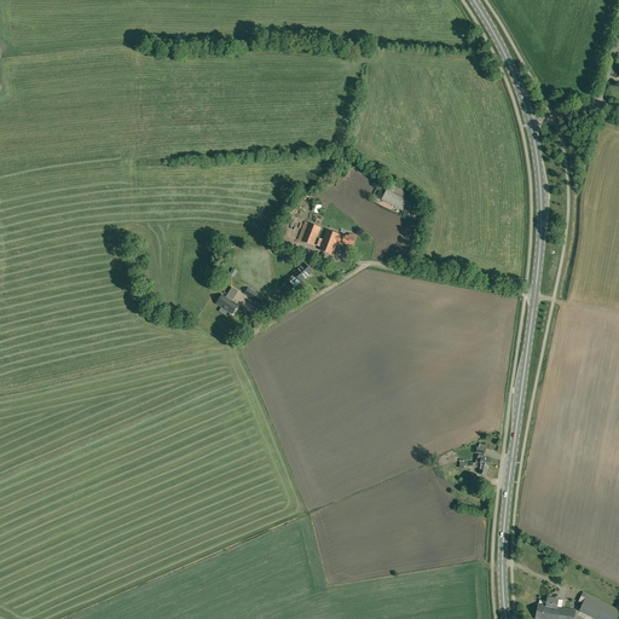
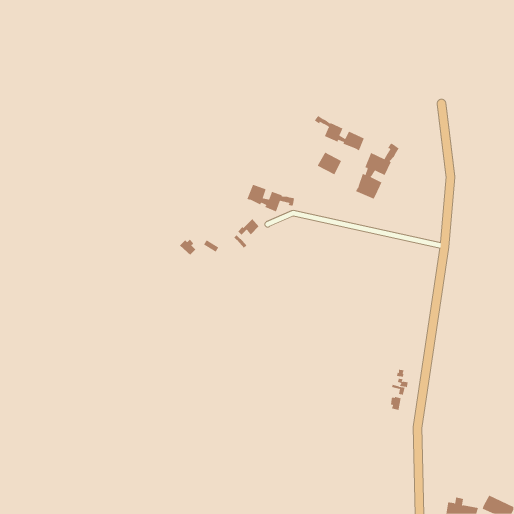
building: none -> [314,115,364,151]
building: none -> [355,143,400,200]

